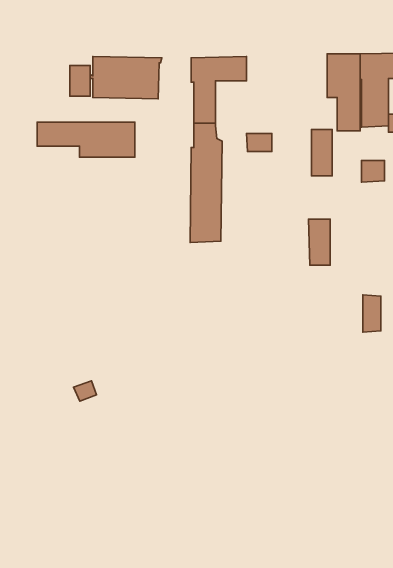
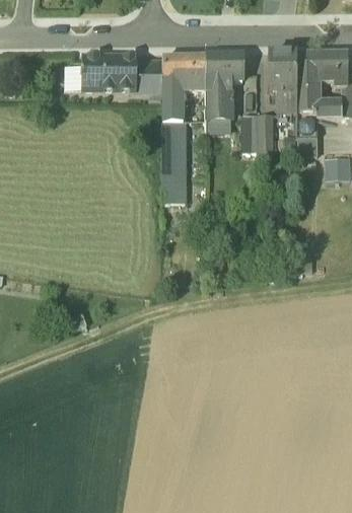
building: none -> [207,56,243,106]
building: none -> [136,62,162,90]
building: [37,122,135,157] -> none
building: [308,219,330,265] -> [240,115,258,151]

